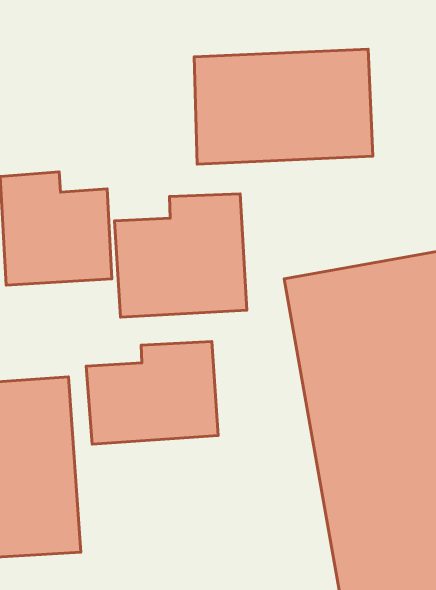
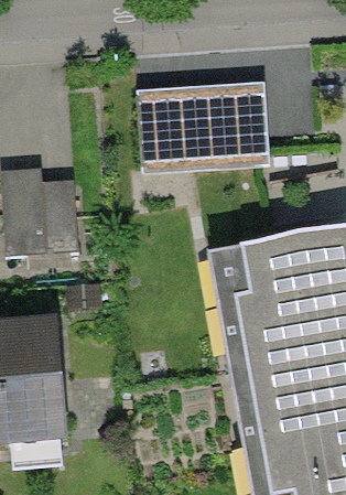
building: [114,194,247,317] -> none
building: [86,342,218,444] -> none

